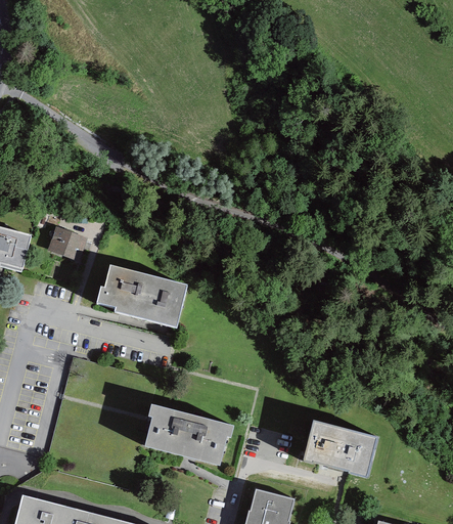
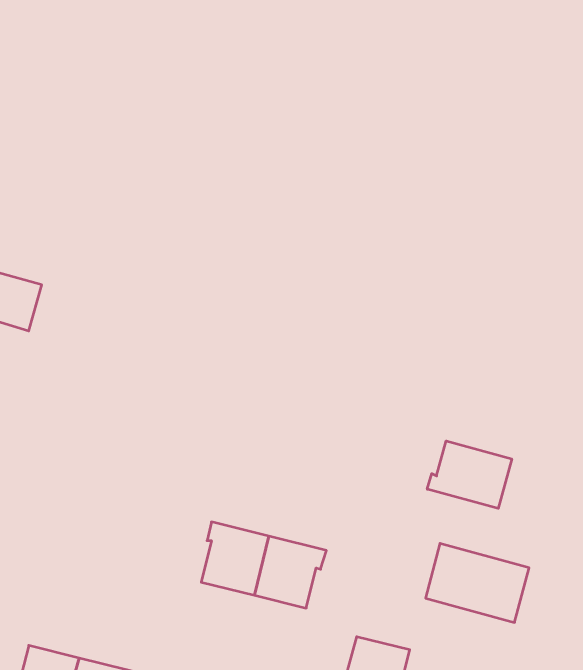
building: [47,229,86,263] -> none
building: [97,268,185,328] -> none
building: none -> [427,441,512,508]

